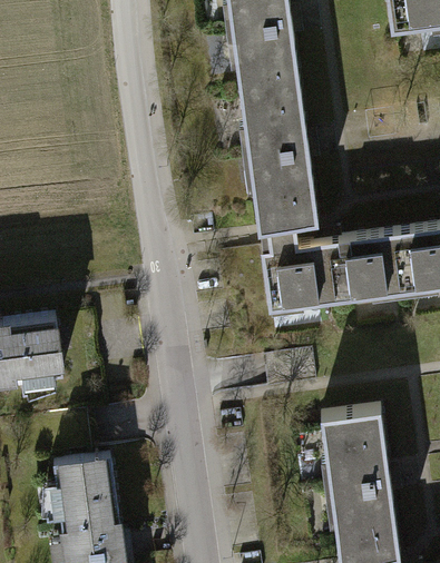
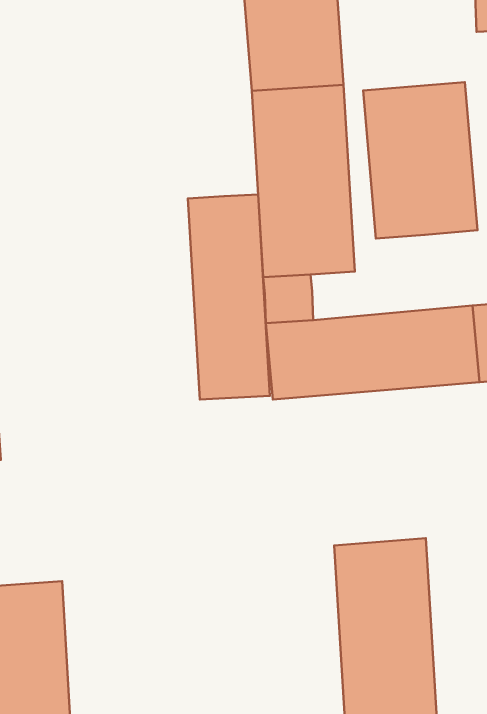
building: none -> [363,82,477,239]
building: none -> [188,194,270,400]

